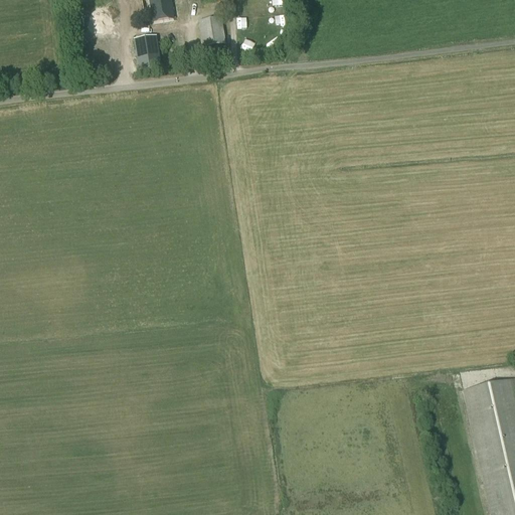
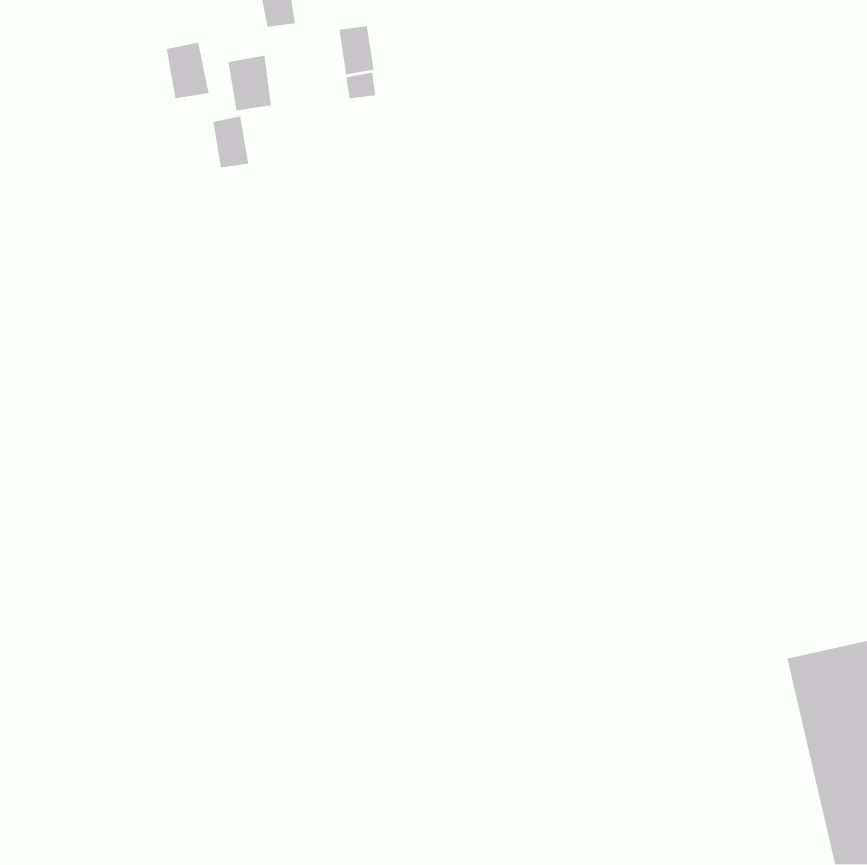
building: none -> [166,42,210,99]
building: none -> [212,116,249,168]

